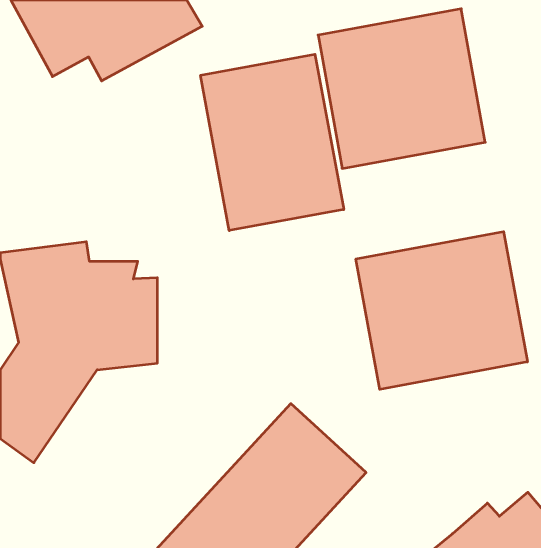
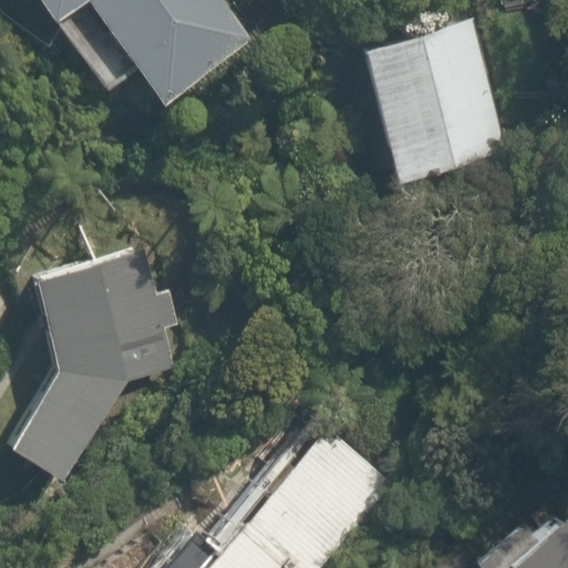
building: [201,54,344,231] -> none
building: [356,232,527,389] -> none

